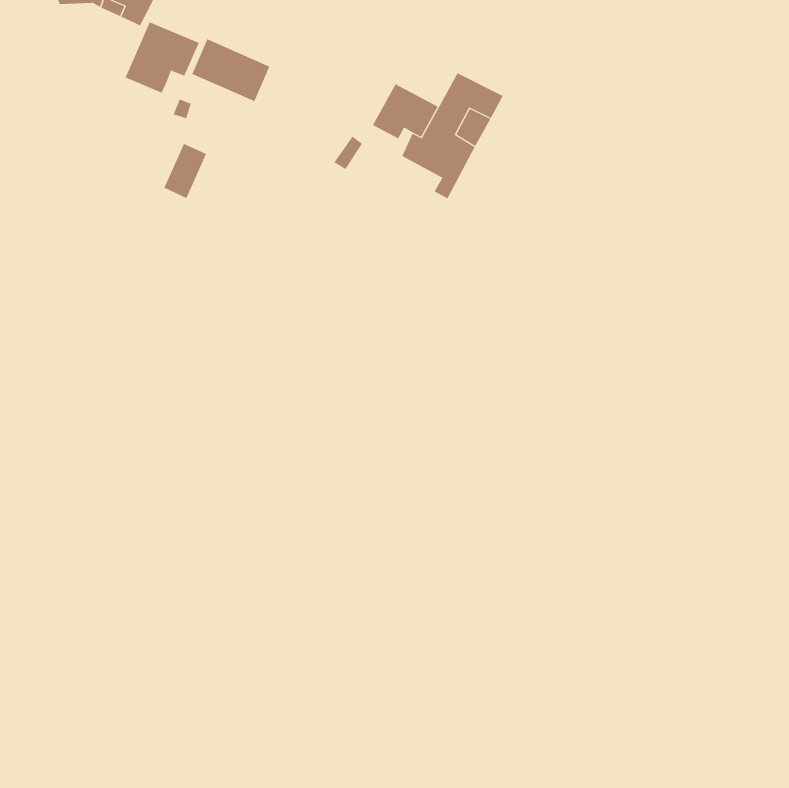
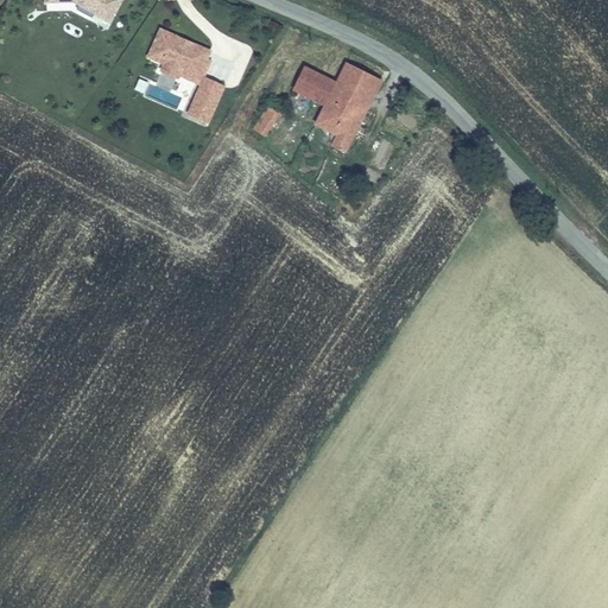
building: [125,22,200,94] -> none
building: [164,143,207,199] -> [192,74,226,116]

